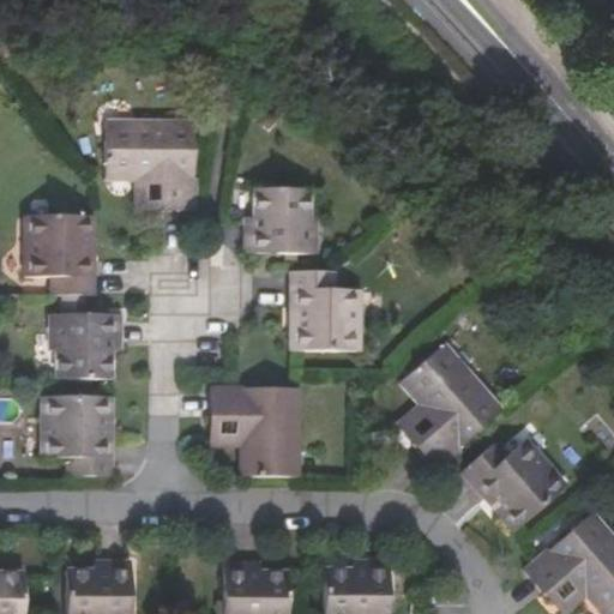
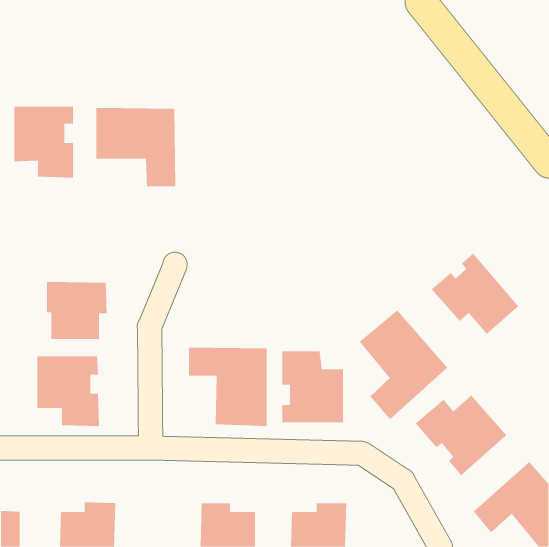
building: [245,188,314,253] -> none
building: [28,215,95,295] -> [14,106,74,178]
building: [290,269,360,350] -> [282,350,344,423]
building: none -> [431,253,519,335]

